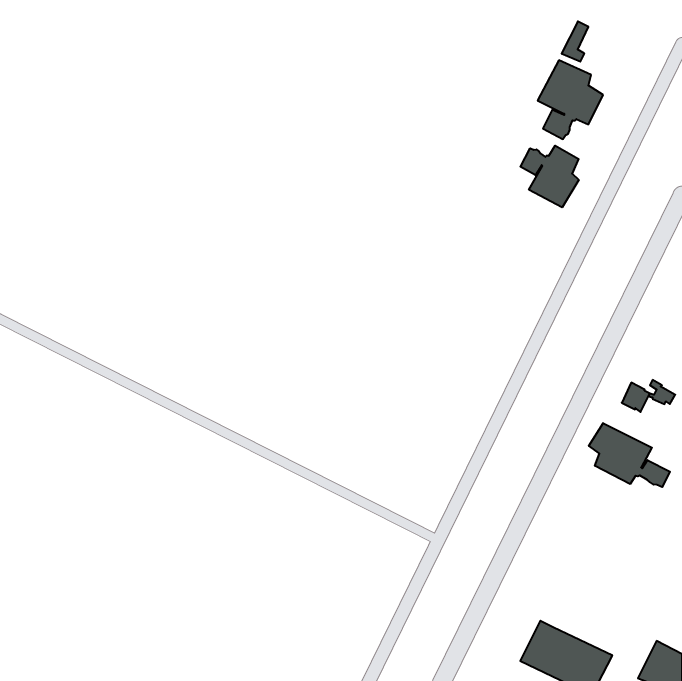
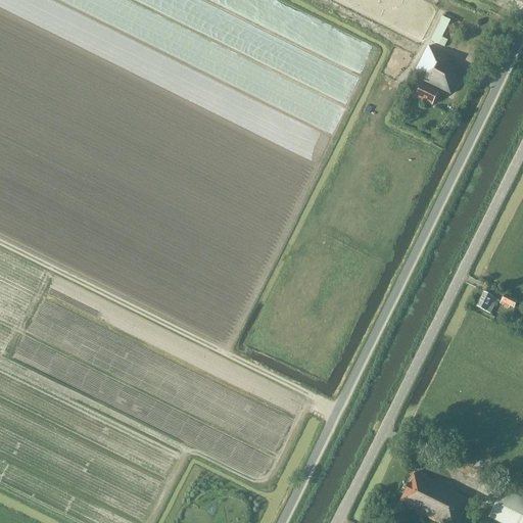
building: [520,146,579,207] -> none
building: [589,423,670,487] -> none

